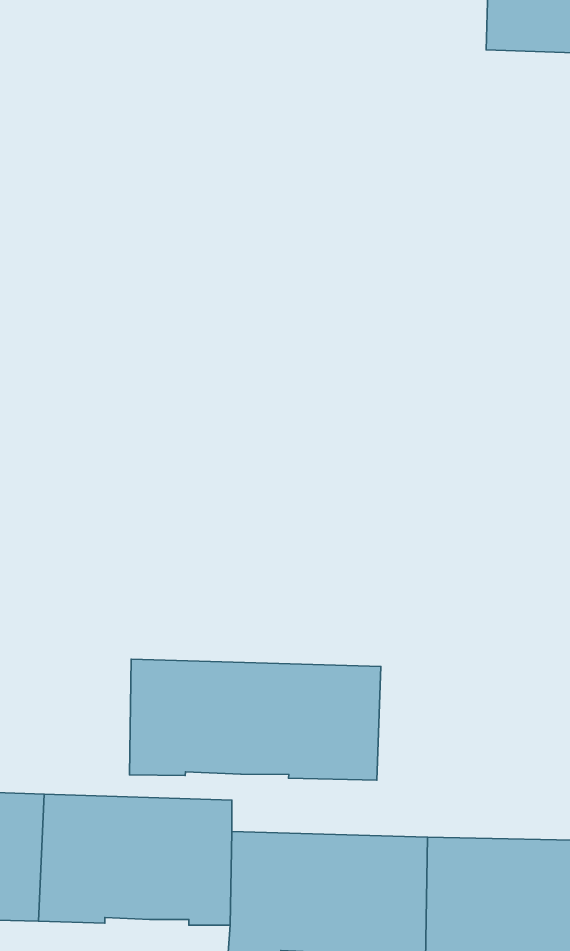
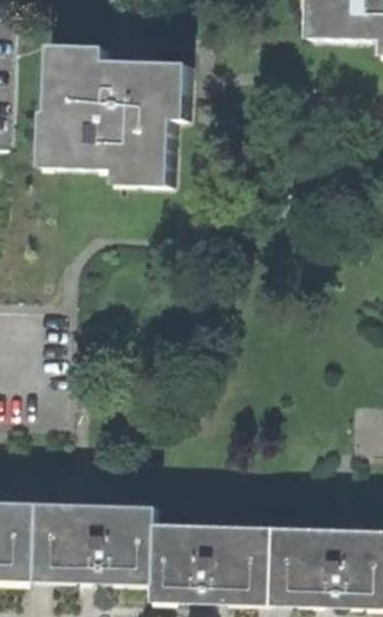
building: none -> [37,46,184,186]
building: [130,659,381,780] -> none

